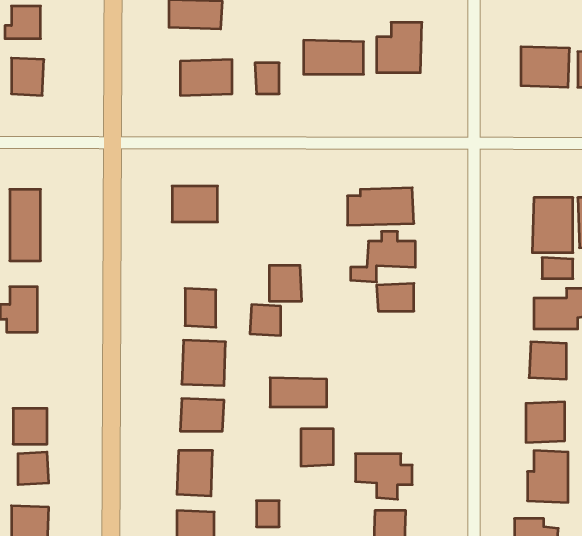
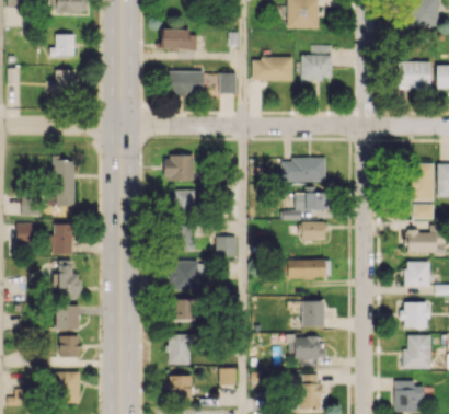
building: [269,265,302,301] -> [173,189,195,214]
building: none -> [53,260,80,299]
building: [270,378,327,407] -> [287,258,325,278]
building: [301,429,333,466] -> [302,301,324,326]

